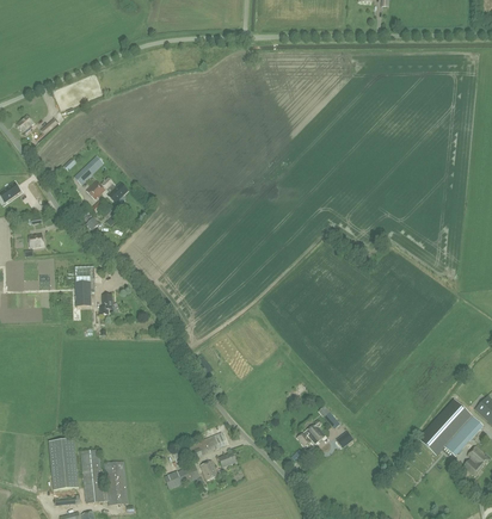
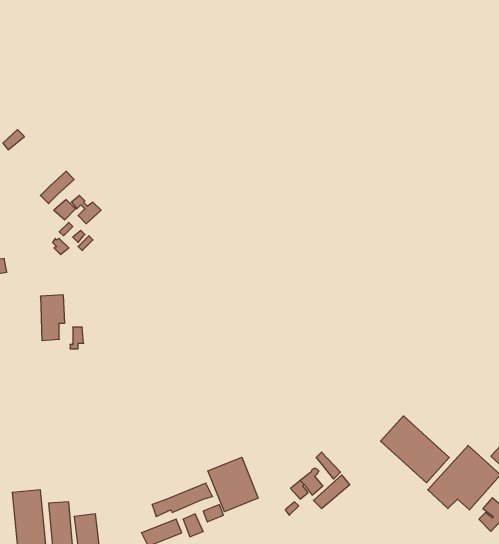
building: none -> [381,416,449,483]
building: none -> [208,457,258,512]

